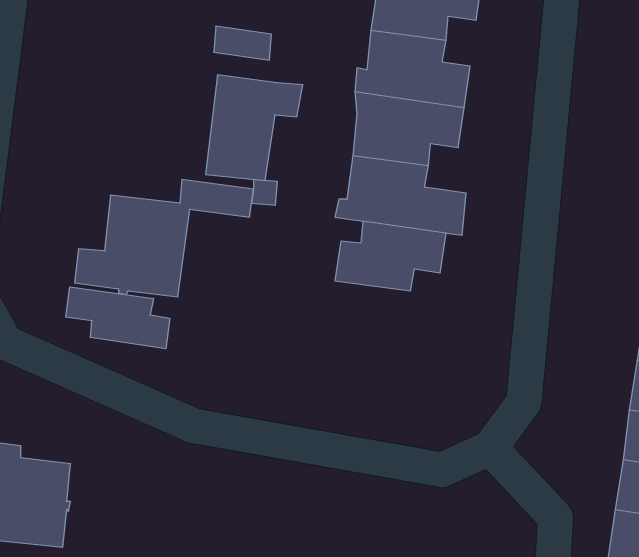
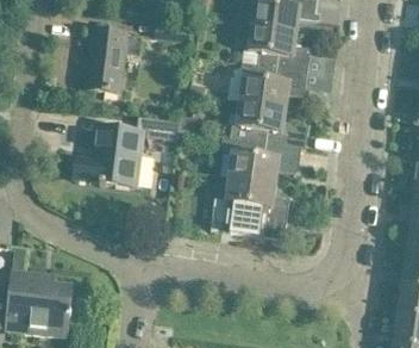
building: [206,75,303,180] -> [85,29,143,92]
building: none -> [211,176,289,238]
building: [66,287,170,349] -> none

